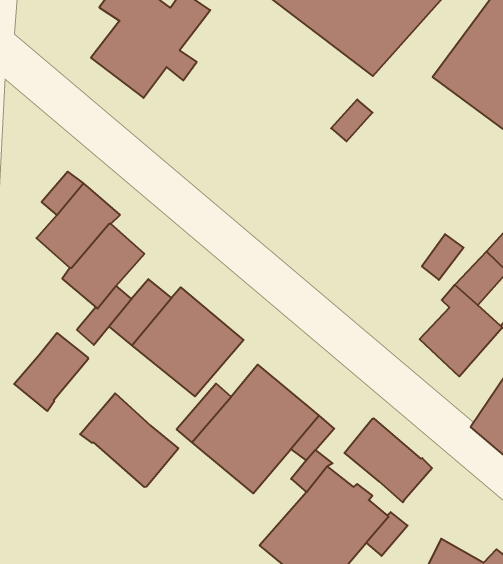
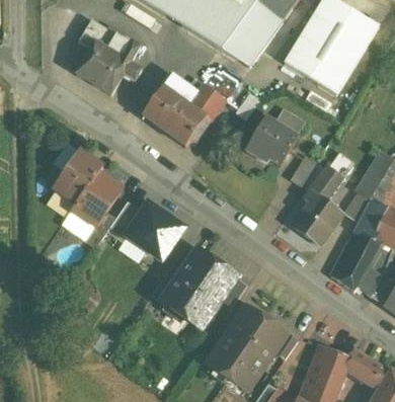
building: none -> [142,74,224,145]
building: none -> [248,115,298,164]
building: [14,333,88,411] -> none
building: [80,393,178,487] -> none
building: [344,418,432,502] -> none

